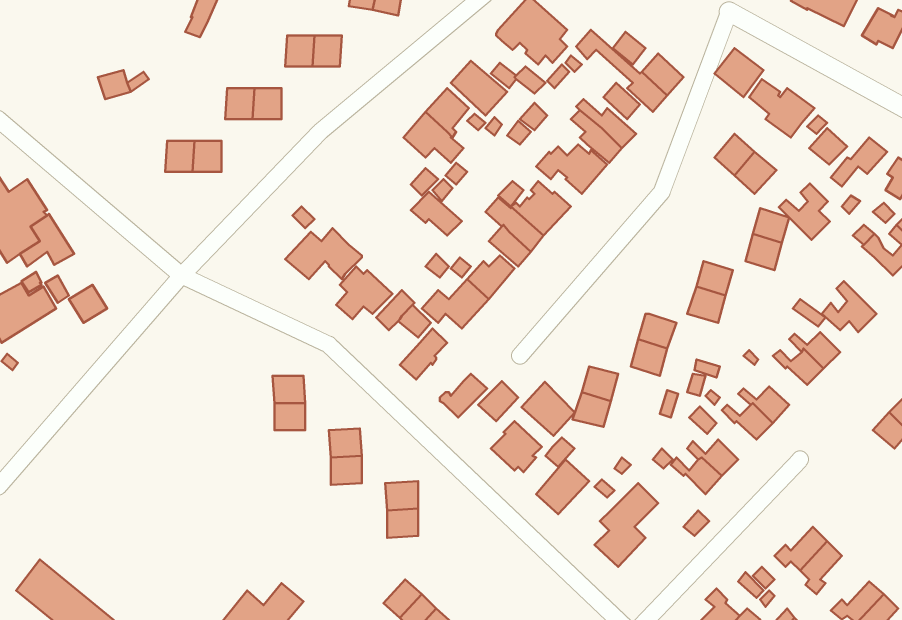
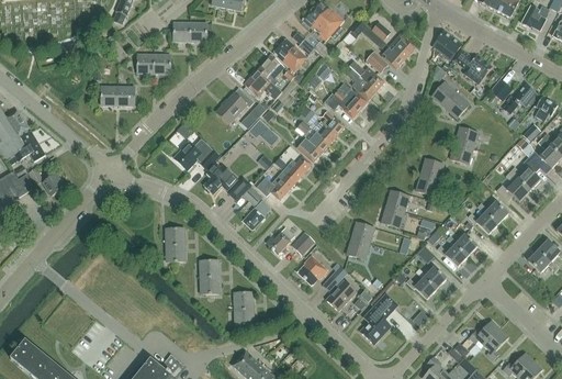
building: none -> [216,90,254,123]
building: [779,183,830,240] -> [510,156,541,190]
building: [522,382,575,436] -> none

